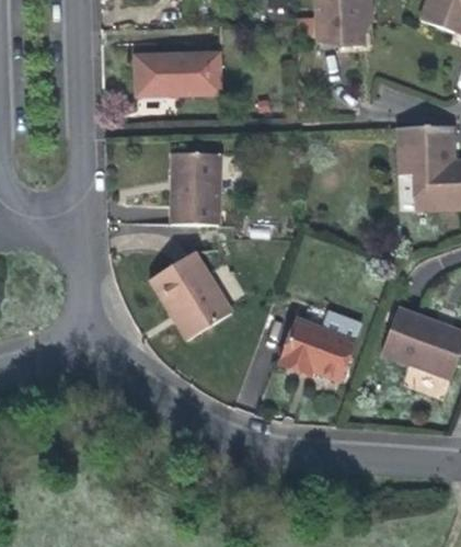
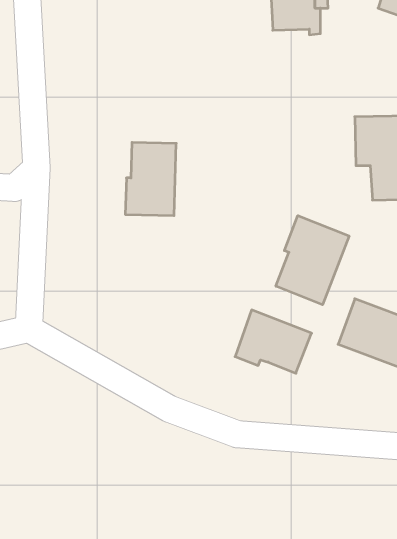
building: [135,53,220,95] -> none
building: none -> [276,216,349,305]
building: [149,251,232,340] -> none

